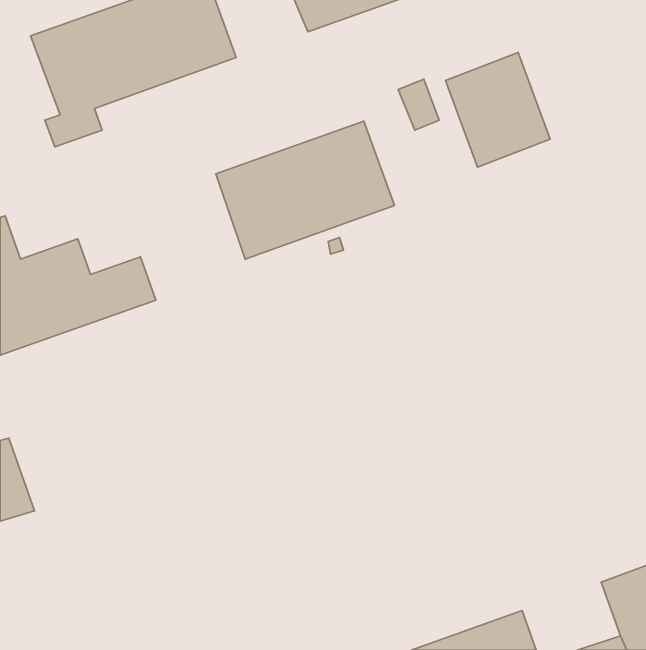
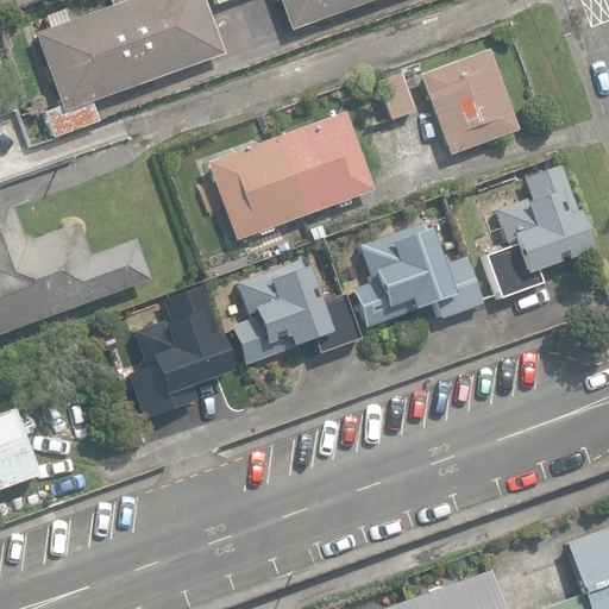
building: none -> [485,163,594,297]
building: none -> [353,220,482,328]
building: none -> [231,258,363,366]
building: none -> [137,284,233,412]

